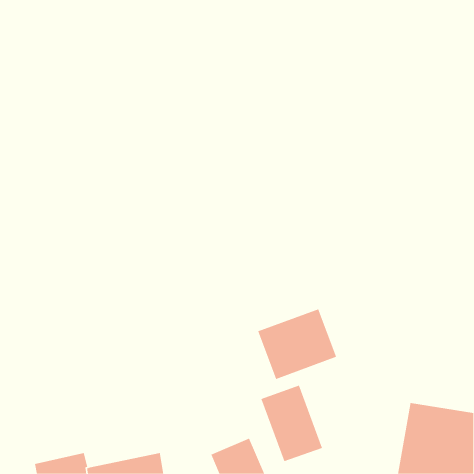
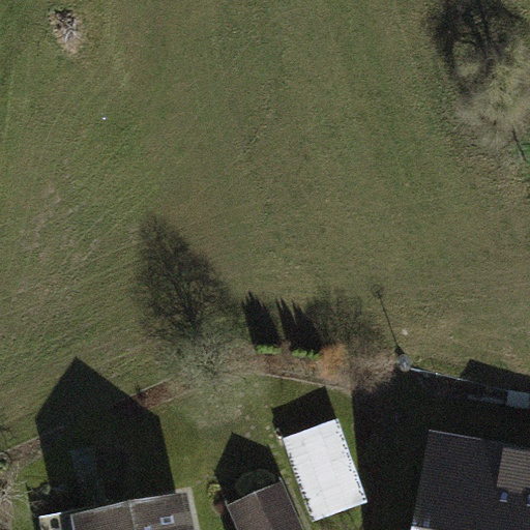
building: [258,308,337,380] -> none

